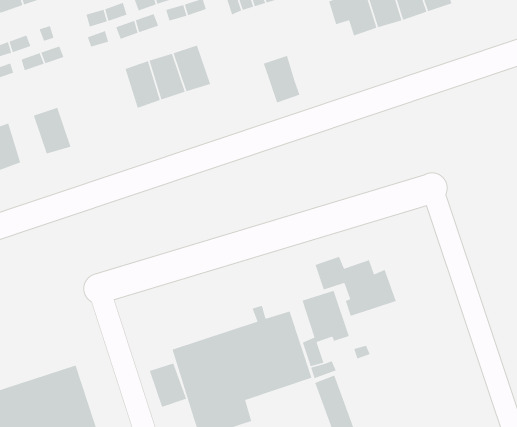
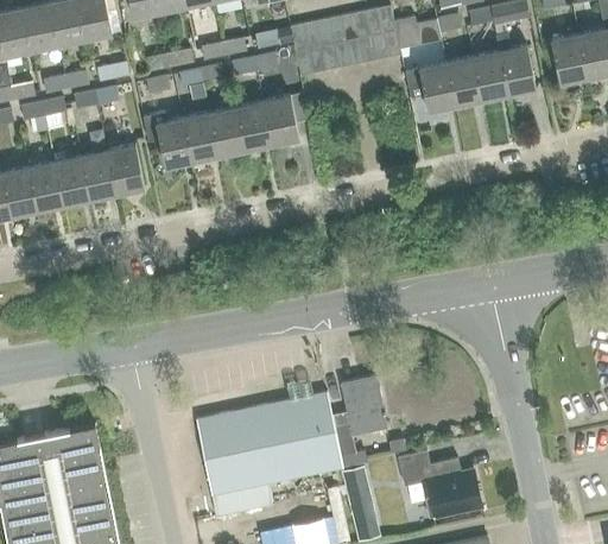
building: [263,55,300,104] -> [261,96,297,146]
building: none -> [141,113,190,169]
building: none -> [107,145,142,195]
building: none -> [53,157,89,205]
building: [315,256,397,317] -> [398,451,480,517]
building: [149,362,187,408] -> none

